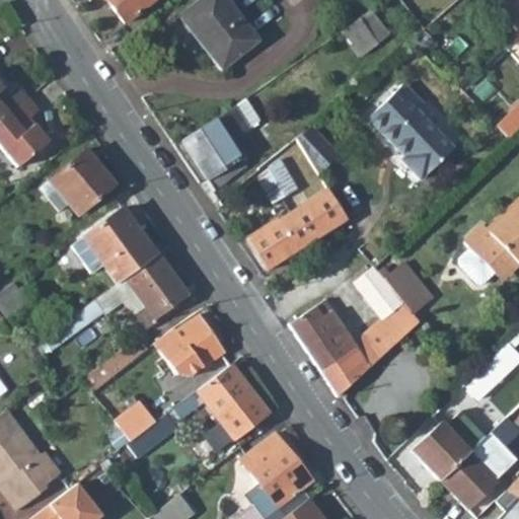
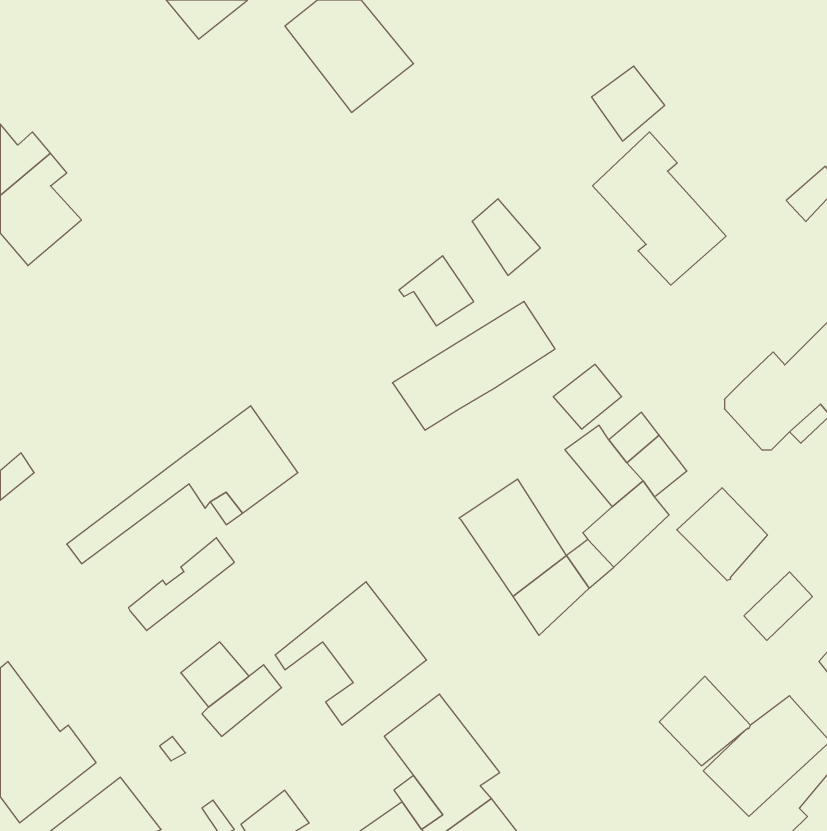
building: [344,9,389,56] -> [592,66,665,141]
building: [183,95,262,187] -> none
building: [44,149,117,216] -> none
building: [69,207,159,284] -> none
building: none -> [553,364,622,429]
building: none -> [677,488,767,581]
building: [158,314,225,375] -> none

